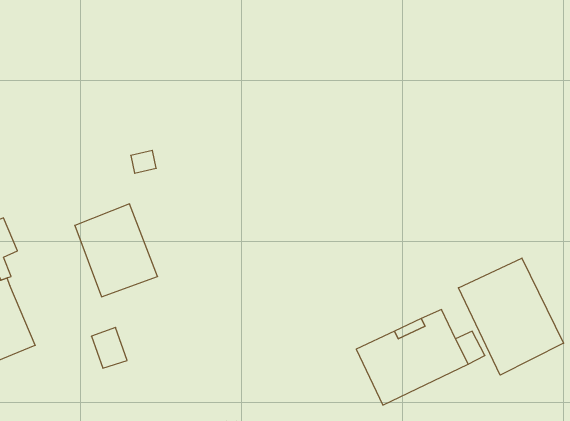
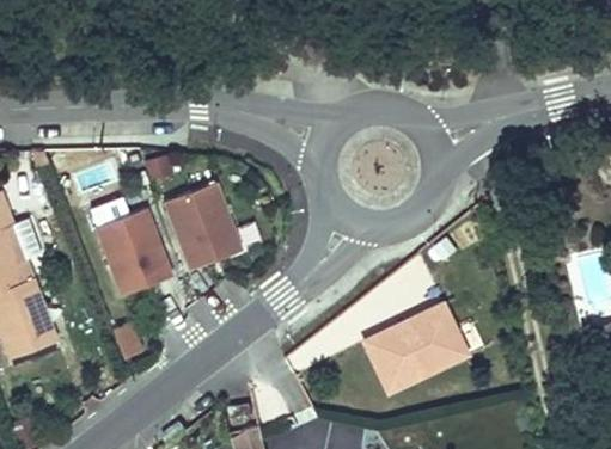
building: none -> [167,179,242,265]
building: [458,258,564,375] -> none

